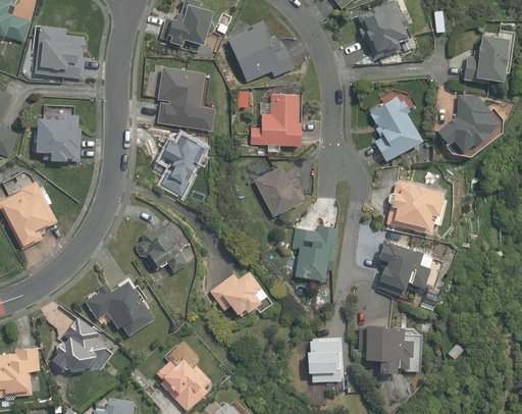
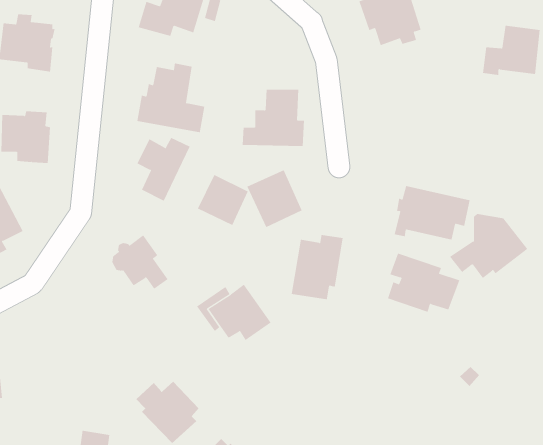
building: [229,18,294,83] -> none
building: [436,94,507,152] -> [449,213,528,279]
building: [369,96,425,162] -> none
building: none -> [197,174,249,226]
building: [83,278,150,334] -> none
building: [50,315,105,367] -> none
building: [367,325,421,373] -> none
building: [308,335,345,390] -> none

